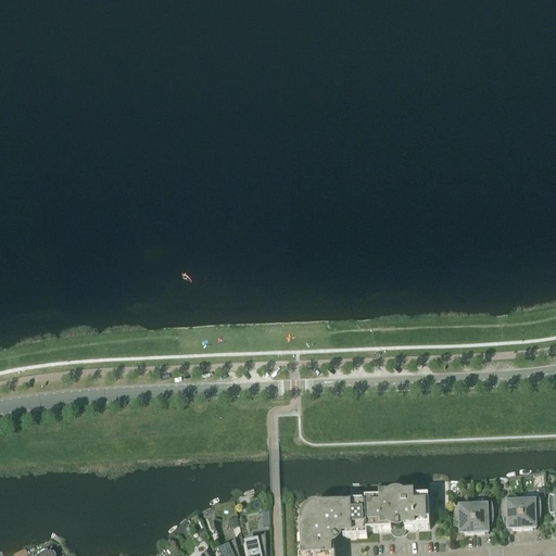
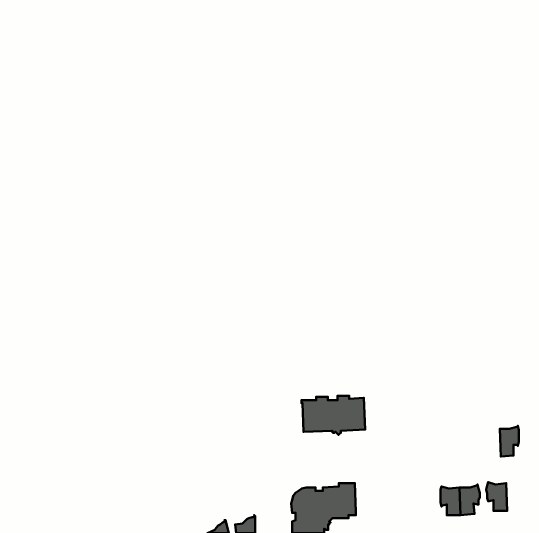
building: [363,489,428,529] -> [301,396,365,435]
building: [519,493,539,525] -> [500,426,519,456]

